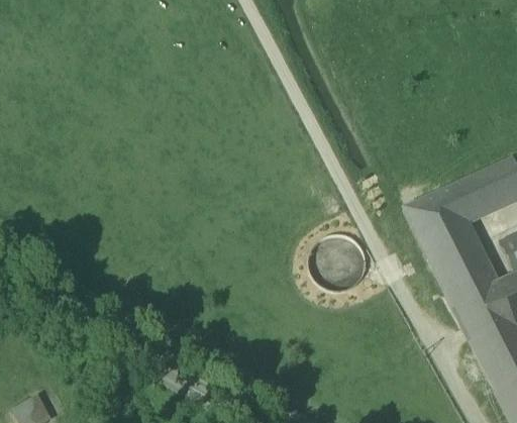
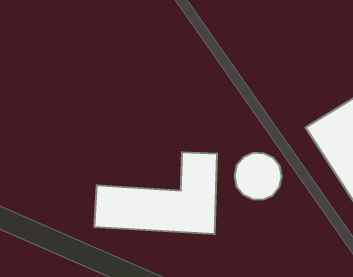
building: none -> [95,152,217,234]

